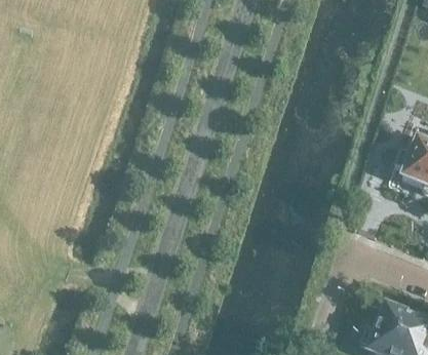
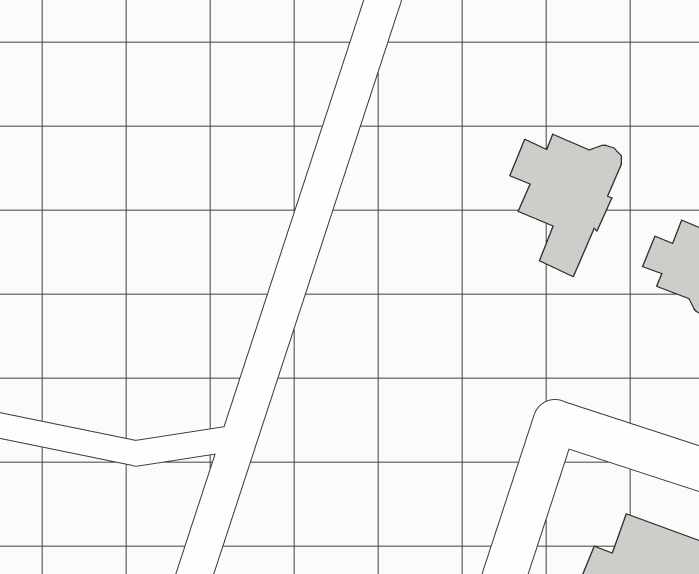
building: none -> [510,134,621,277]

